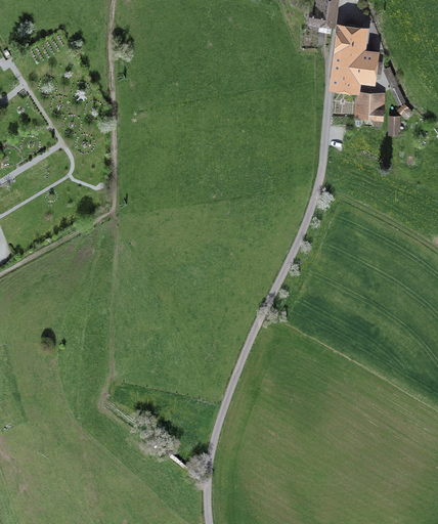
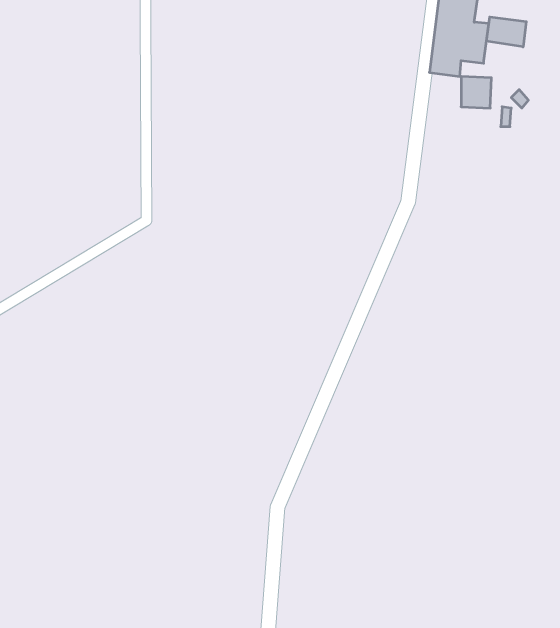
building: none -> [487,17,526,47]

